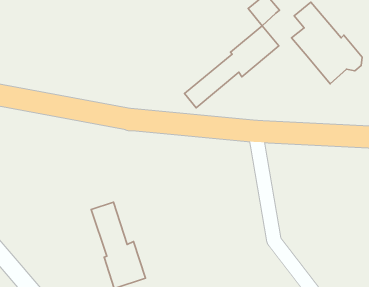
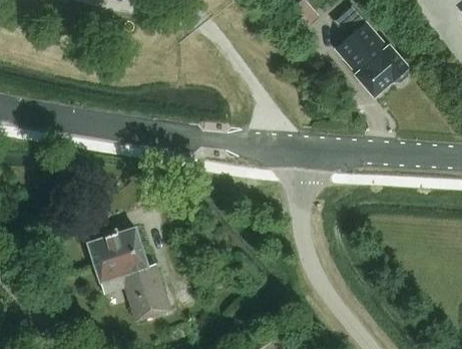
building: [185,26,279,108] -> none
building: none -> [89,234,129,292]

